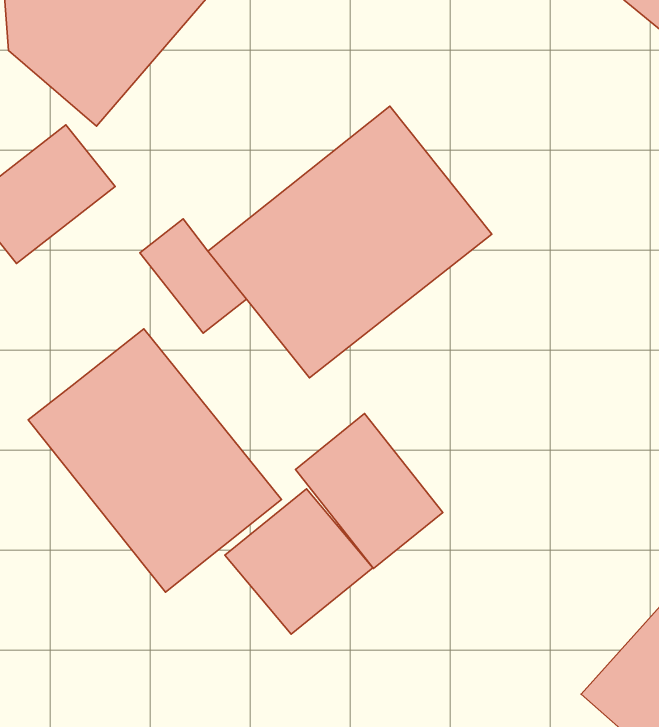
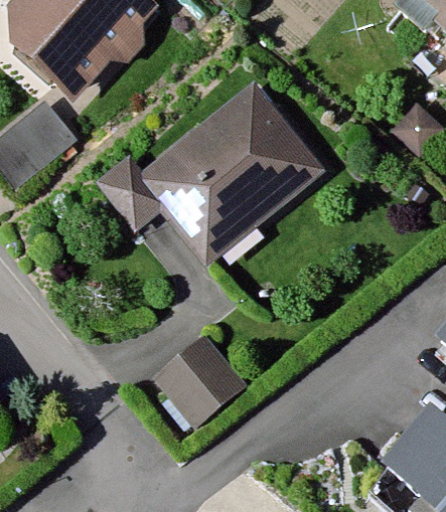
building: [28,329,281,592] -> none
building: [295,413,443,569] -> none

